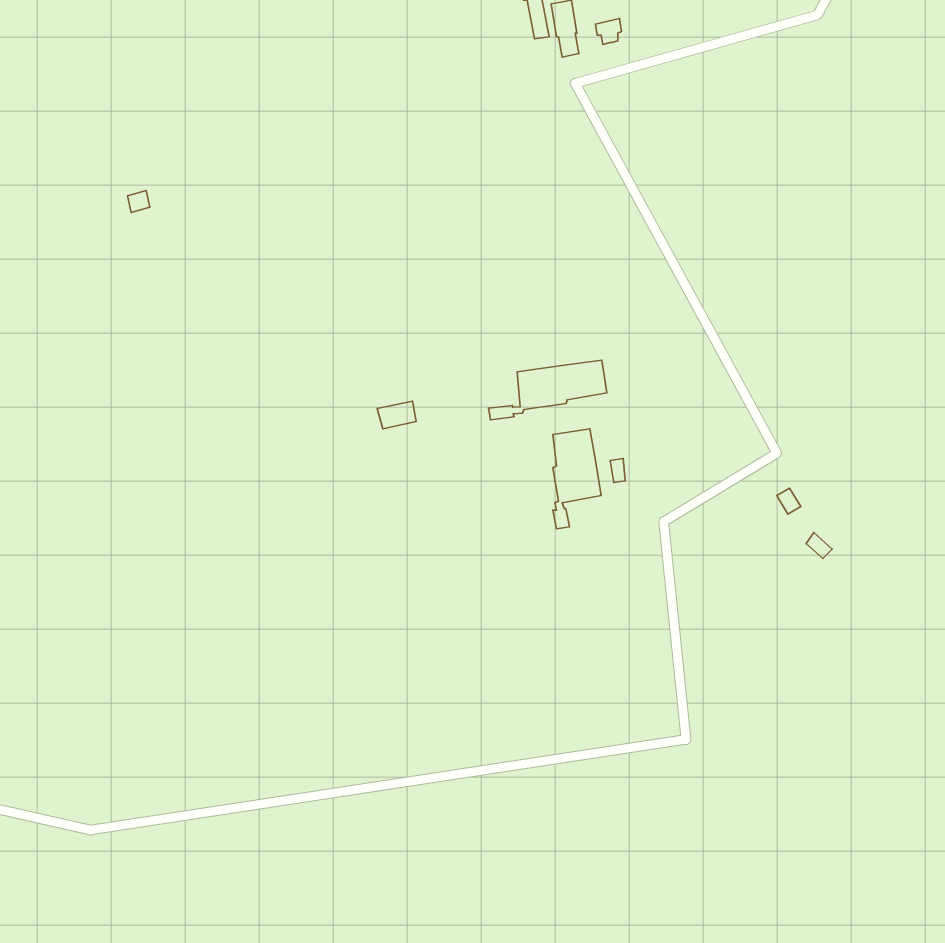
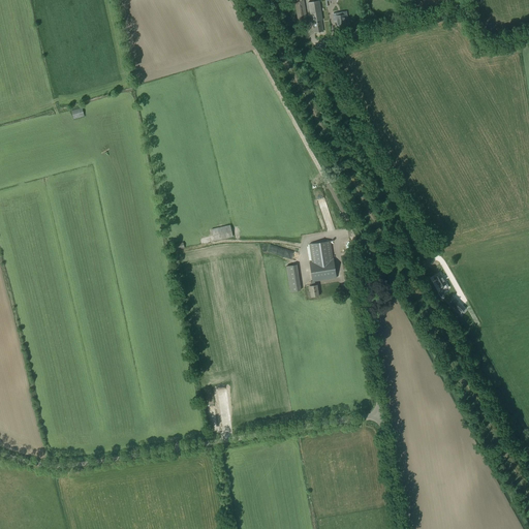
building: [489,360,607,420] -> none

